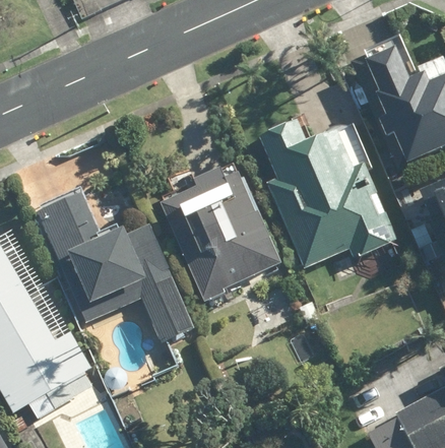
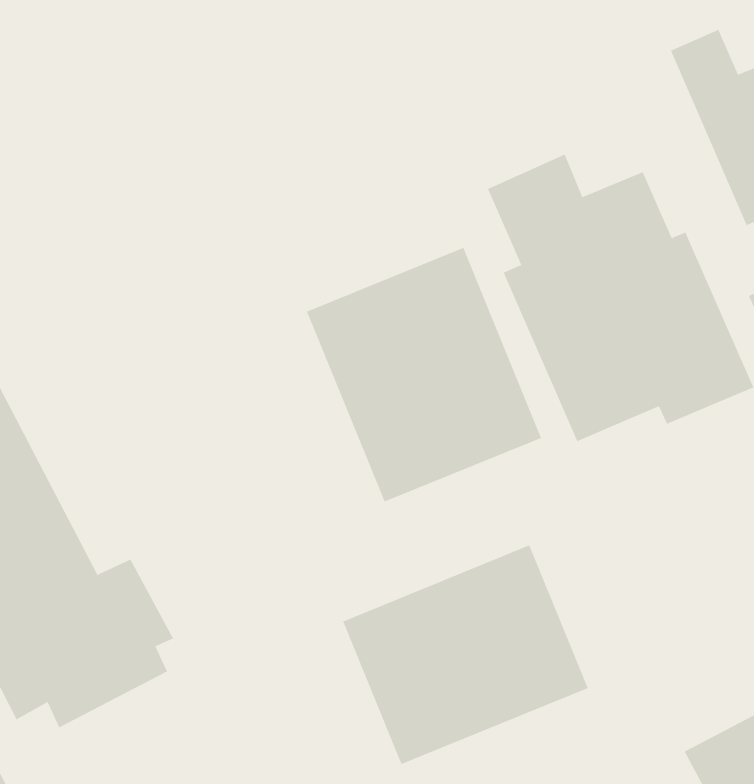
building: [39,188,199,343] -> none
building: none -> [342,545,588,765]

